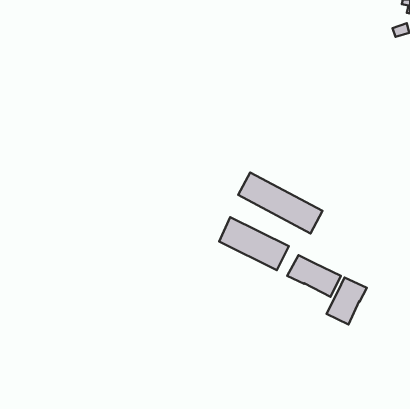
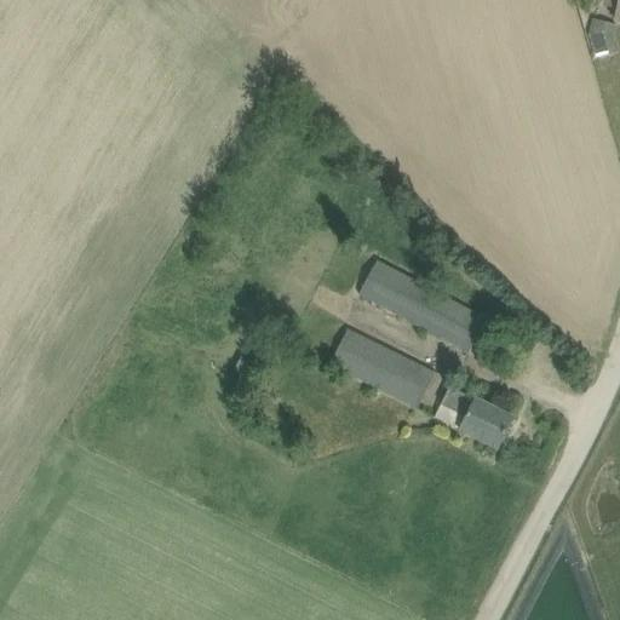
building: [327,278,367,324] -> none

